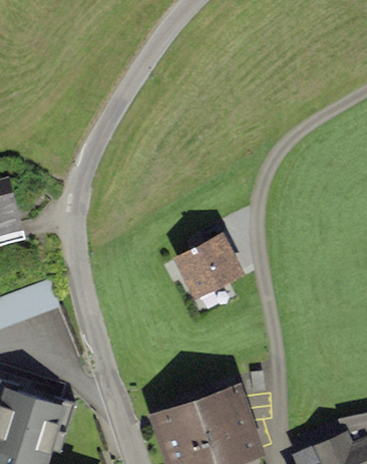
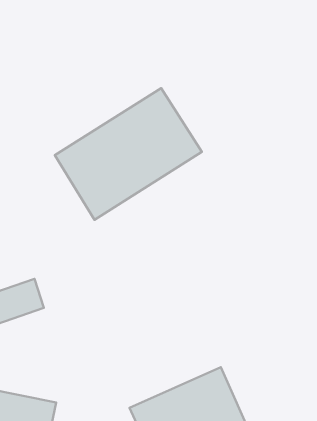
building: none -> [55,88,202,220]
building: [172,234,246,307] -> none

